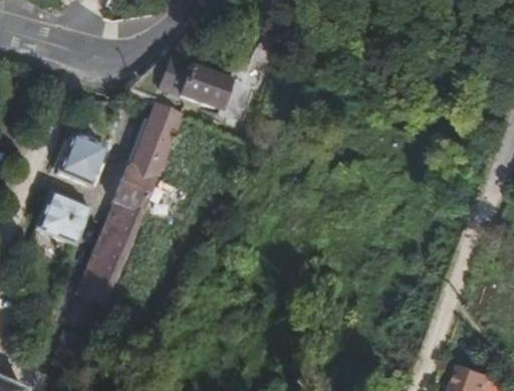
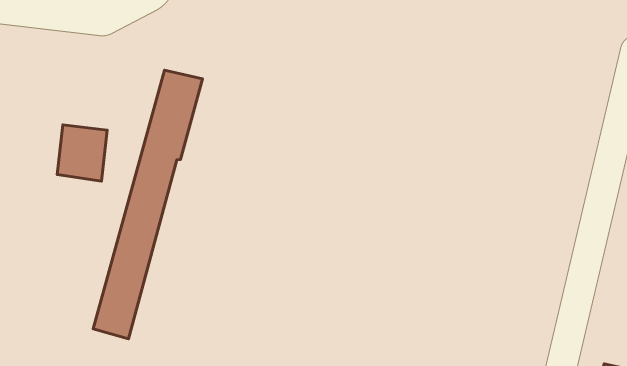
building: [160,60,231,109] -> none
building: [35,191,89,243] -> none

